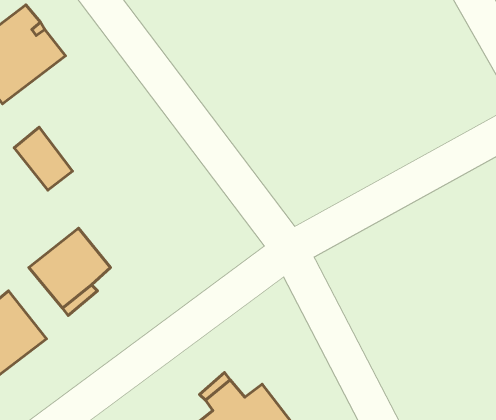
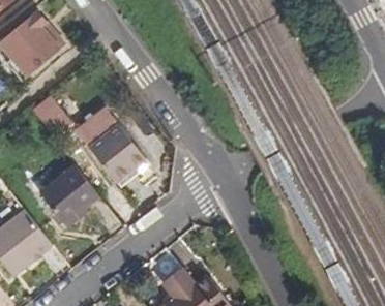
building: none -> [76,111,144,183]

